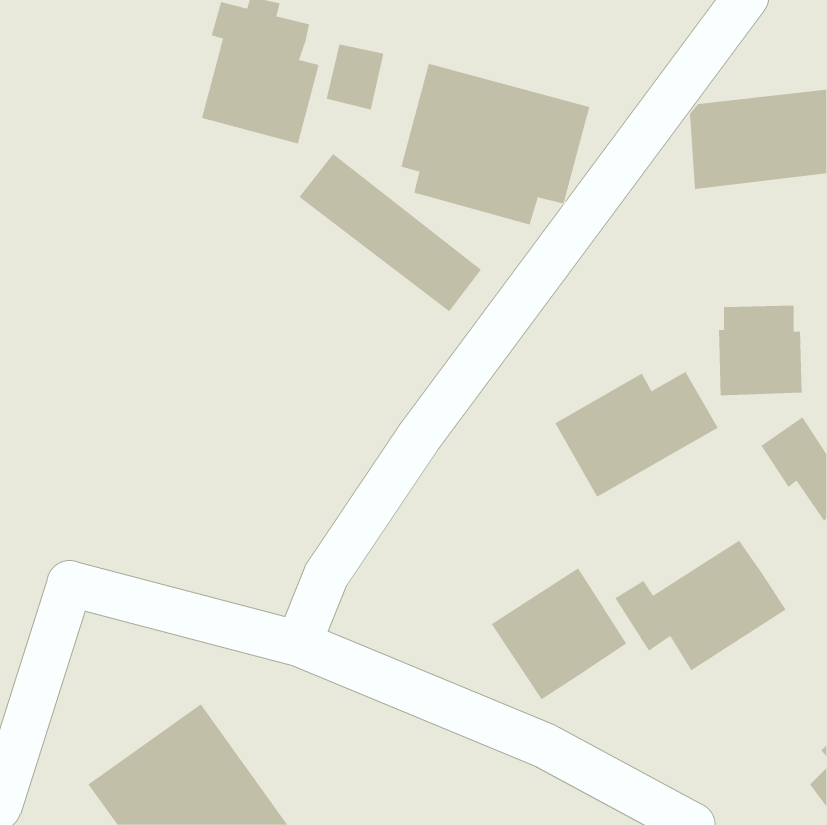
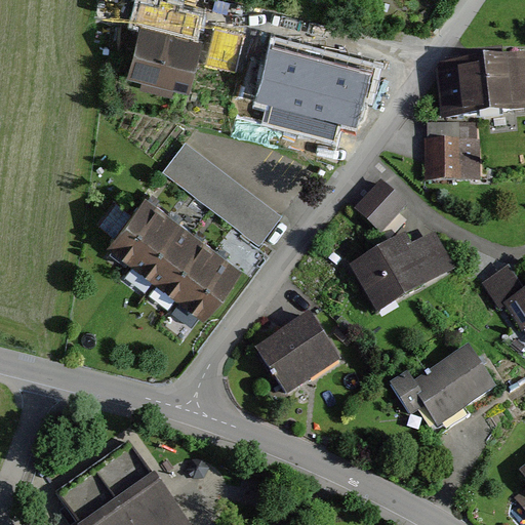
building: [299,153,482,312] -> [162,140,278,241]
building: none -> [355,185,404,233]
building: [718,305,803,396] -> [425,123,478,180]
building: none -> [108,196,242,321]
building: [491,567,627,700] -> [254,310,340,394]

